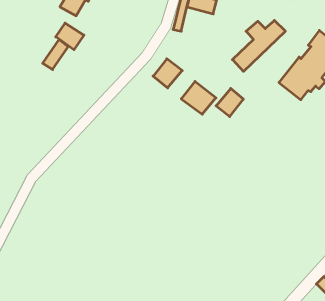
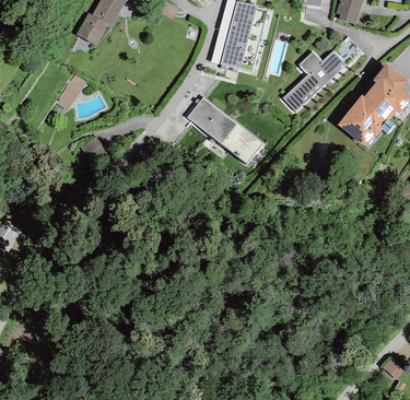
building: none -> [221,34,259,71]
building: [56,23,84,50] -> none
building: [216,88,243,117] -> [204,110,237,144]

